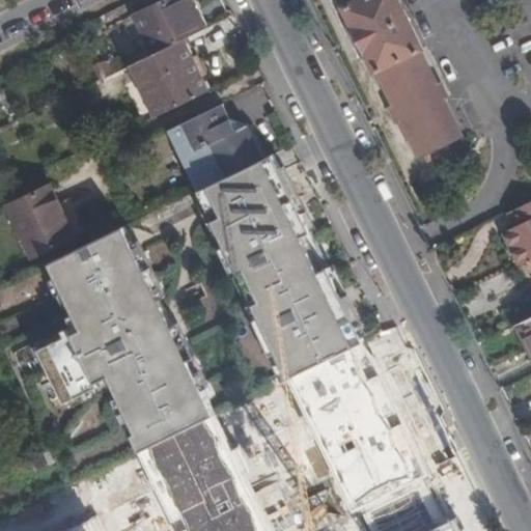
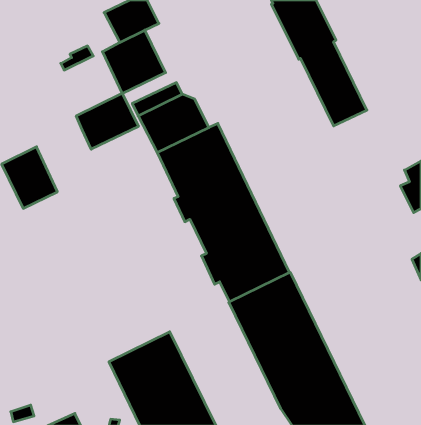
building: none -> [76,93,138,149]
building: [35,227,212,451] -> none

